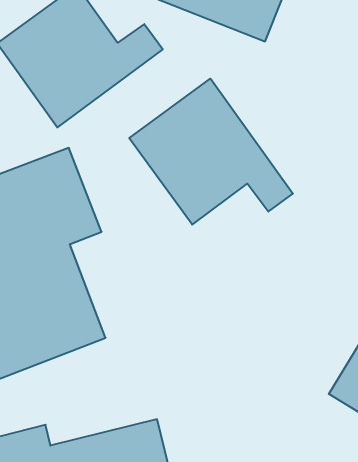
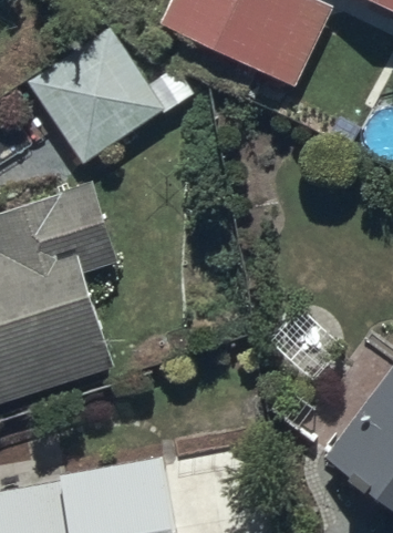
building: [129,79,293,225] -> none

